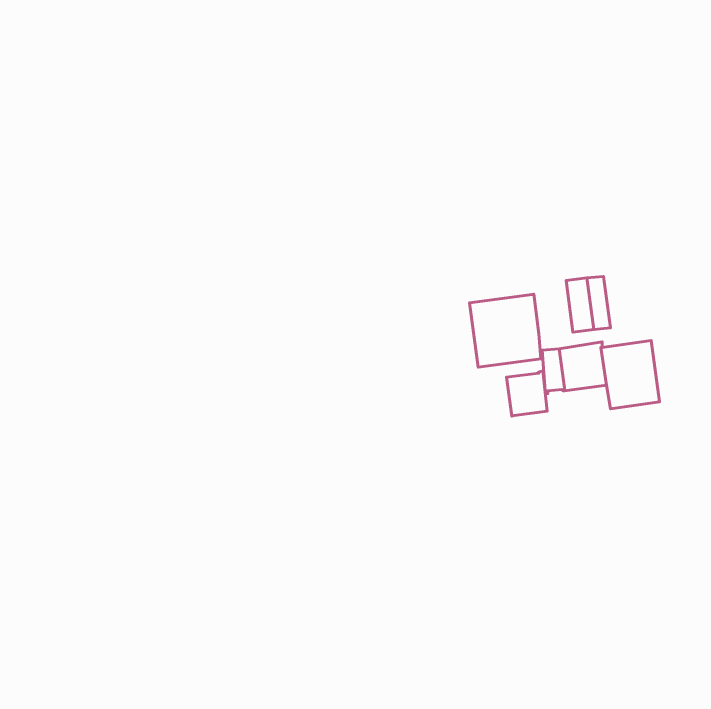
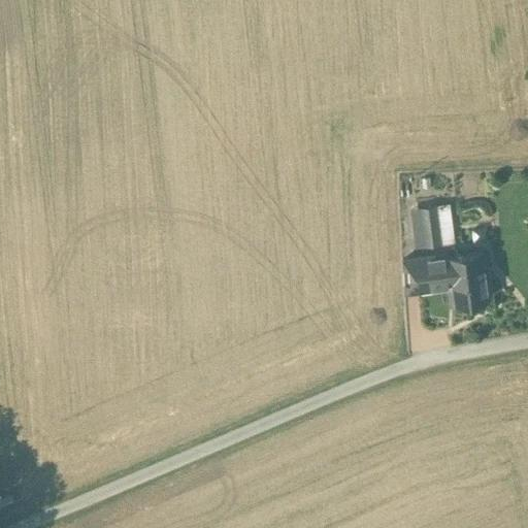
building: [469,294,541,367] -> none
building: [507,371,547,416] -> none

